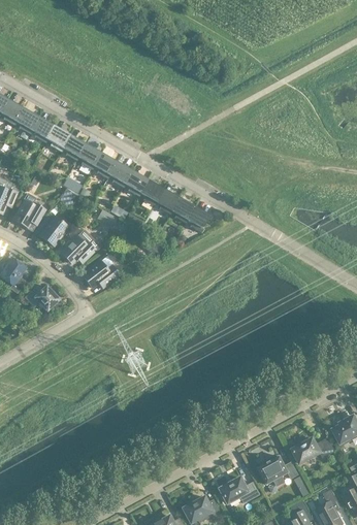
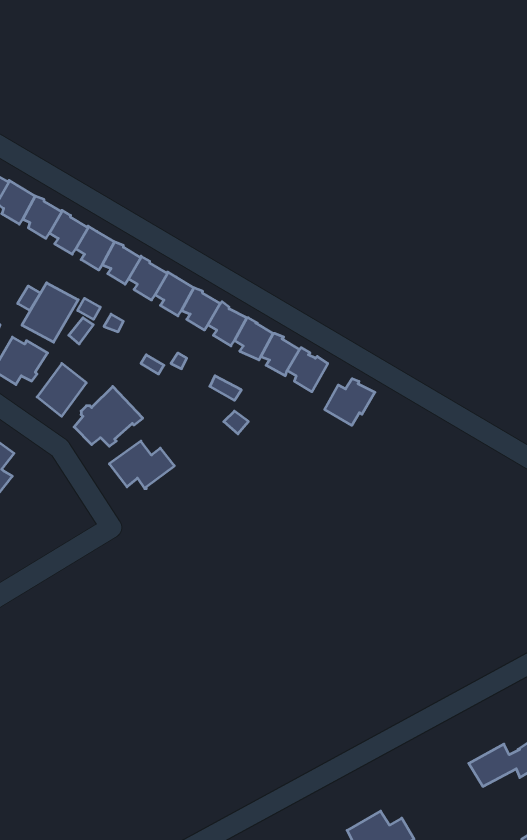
building: none -> [22,283,78,342]
building: none -> [325,379,375,425]
building: [25,284,60,309] -> none
building: [259,455,299,485] -> none

